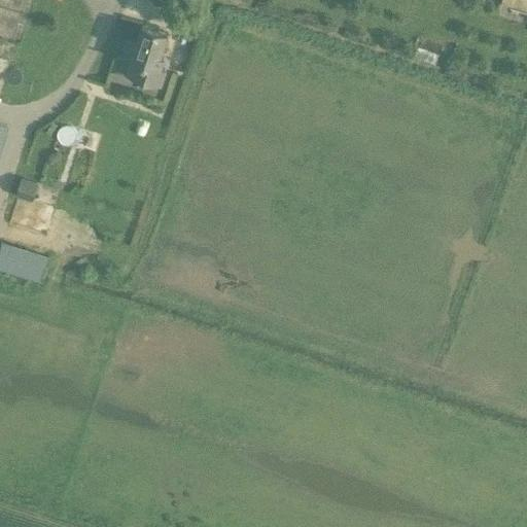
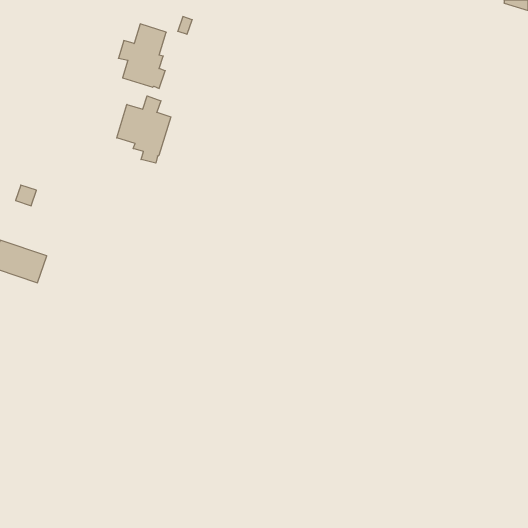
building: none -> [117,96,171,163]

